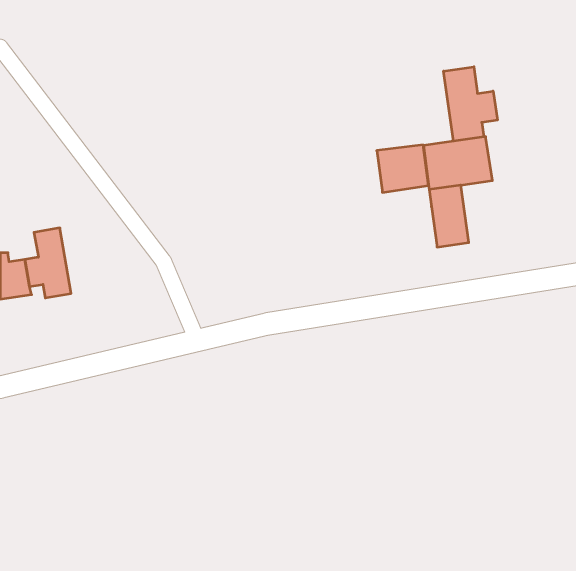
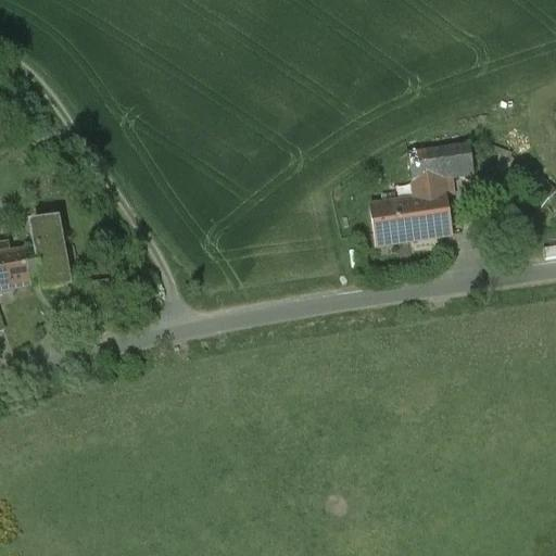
building: [444,67,497,141] -> none
building: [377,145,429,192] -> [371,199,421,244]

